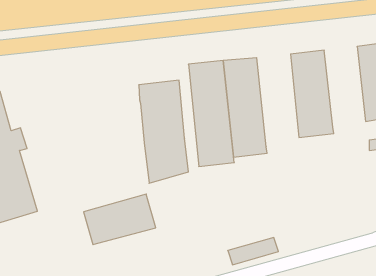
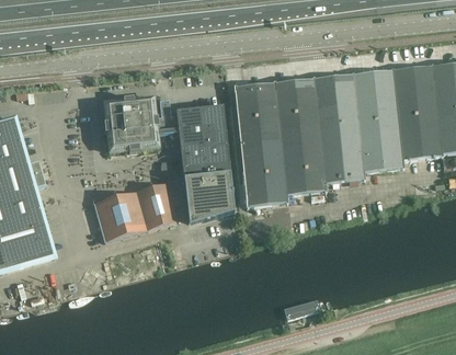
building: none -> [394,65,442,159]
building: none -> [315,73,365,182]
building: none -> [104,96,179,152]
building: [84,194,156,245] -> [94,181,179,240]

